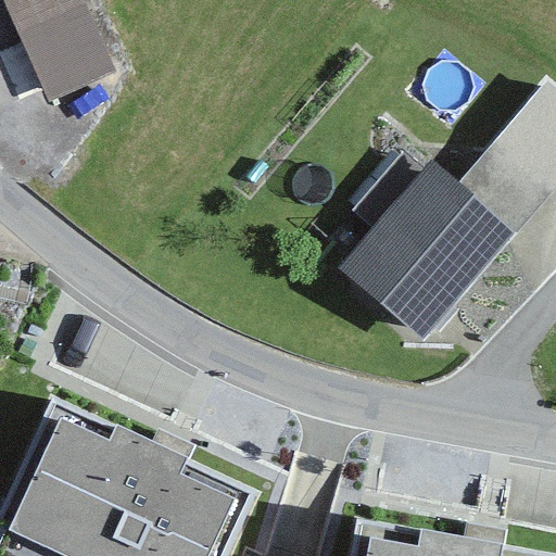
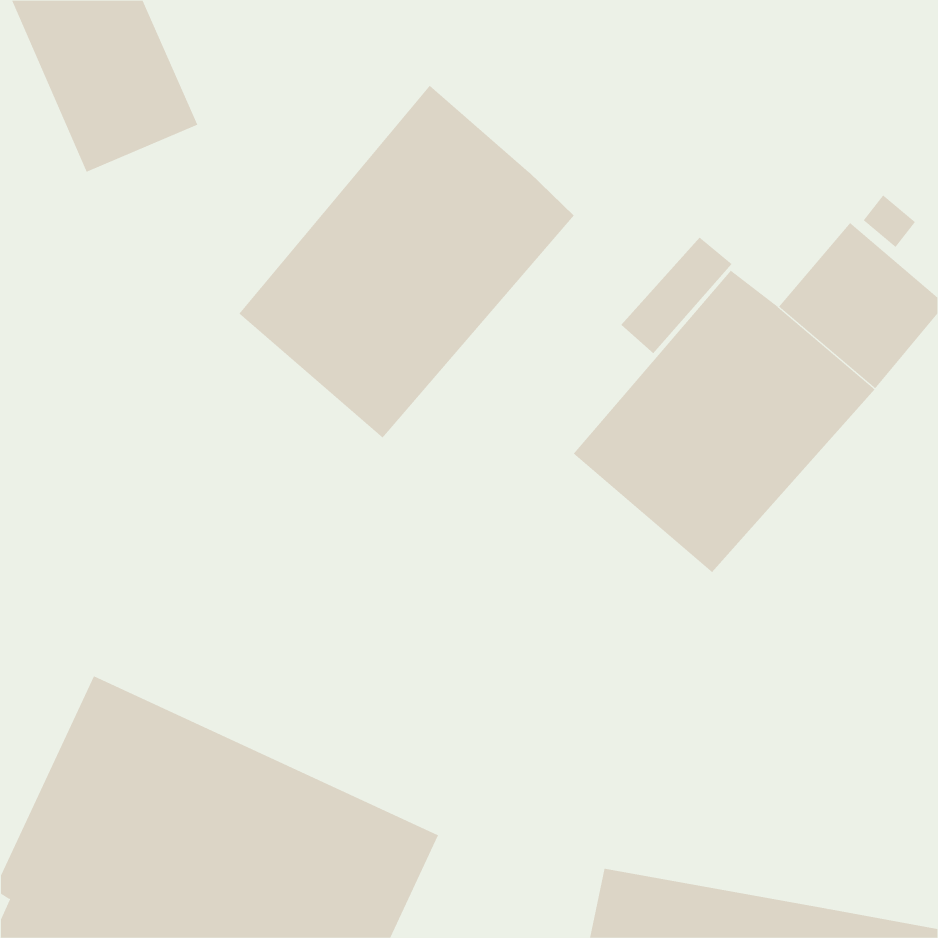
building: none -> [239,85,574,438]

